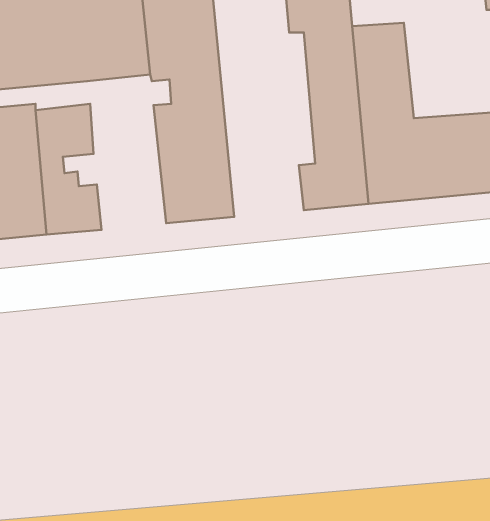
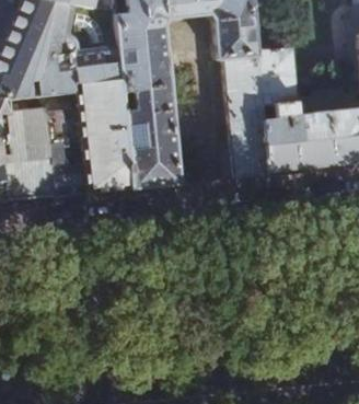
building: none -> [81,84,135,189]

